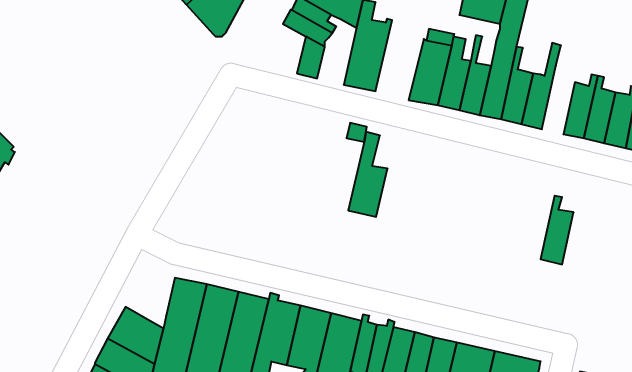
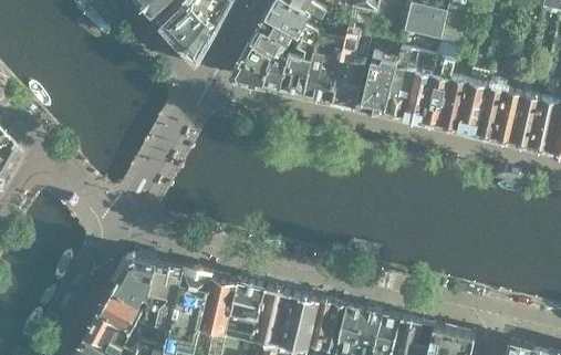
building: none -> [280,38,314,95]
building: none -> [233,42,270,85]
building: [348,132,388,217] -> [331,32,365,106]
building: [541,196,574,264] -> [476,79,505,138]
building: none -> [113,258,156,303]

